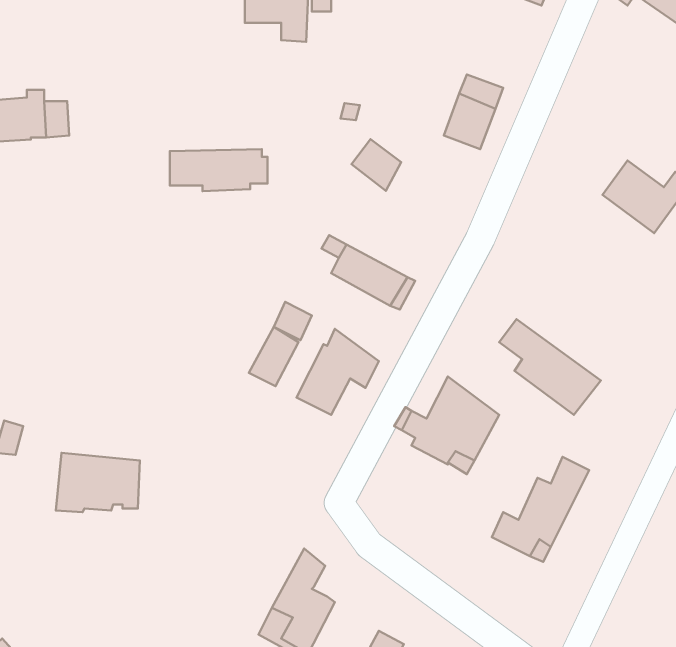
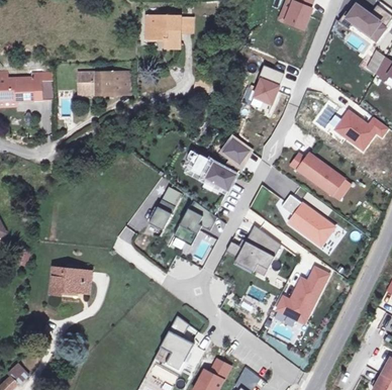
building: [351,139,401,191] -> [223,137,250,165]
building: [170,149,267,191] -> [79,72,130,94]
building: none -> [291,153,344,194]

